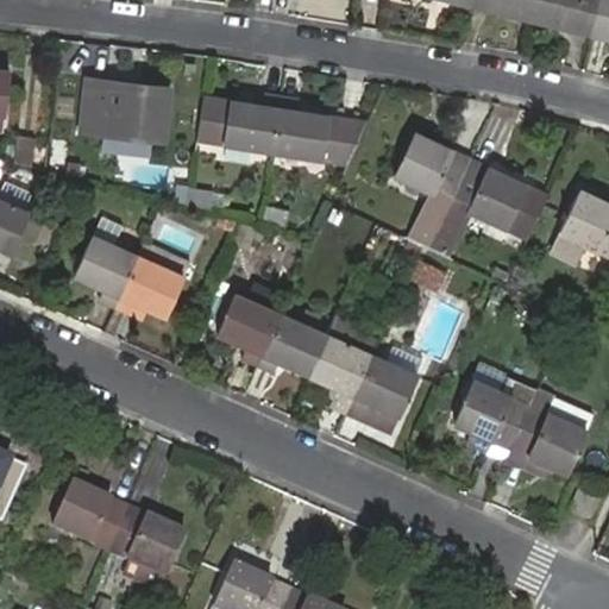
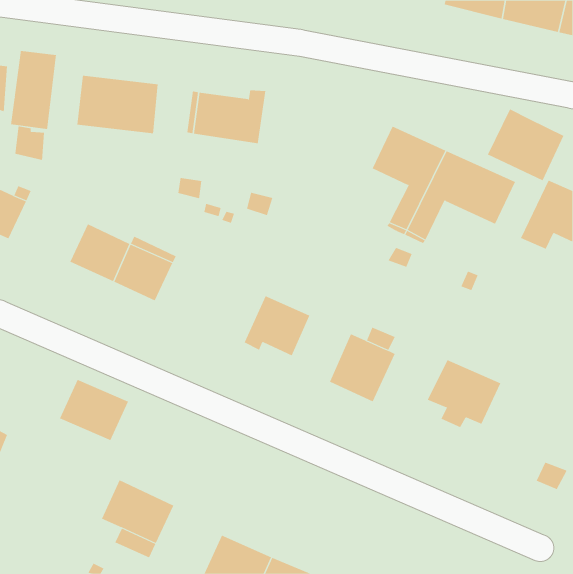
building: none -> [11,50,56,130]
building: [274,96,368,165] -> none
building: none -> [487,108,564,181]
building: [218,293,281,363] -> none
building: [309,334,371,404] -> none
building: [510,389,595,475] -> none
building: [52,484,126,550] -> [59,379,129,441]

